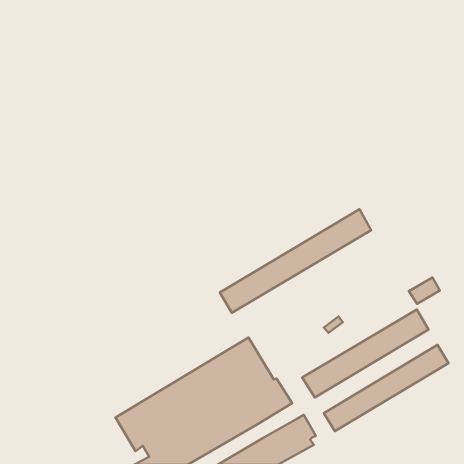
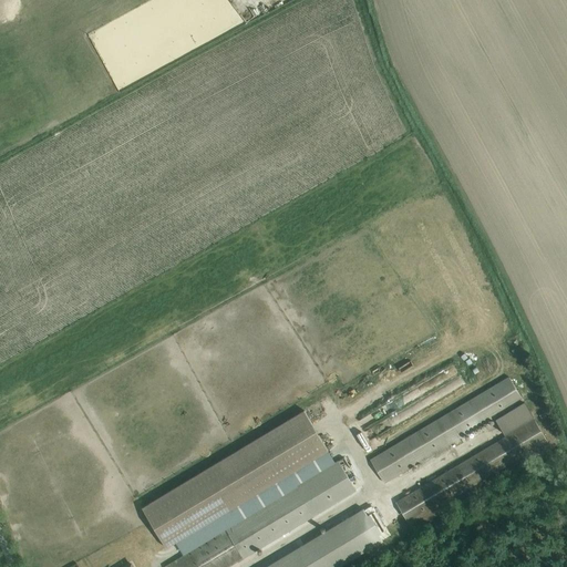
building: [220,209,371,313] -> none
building: [409,278,440,304] -> [494,403,532,435]

